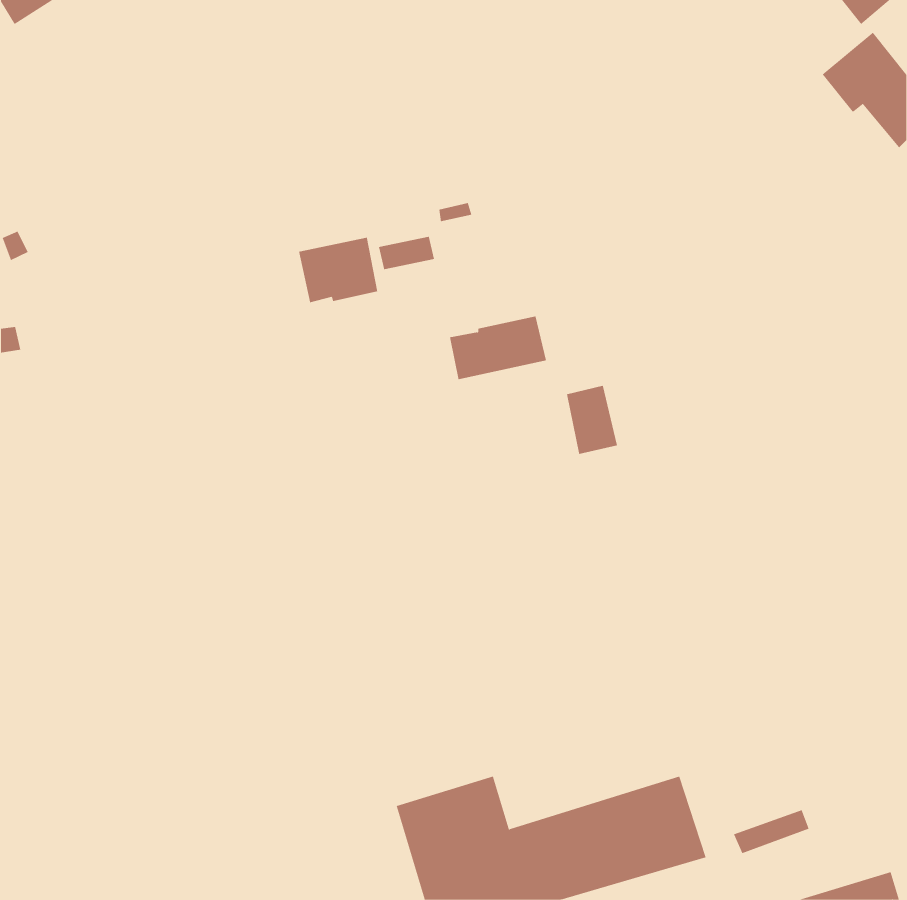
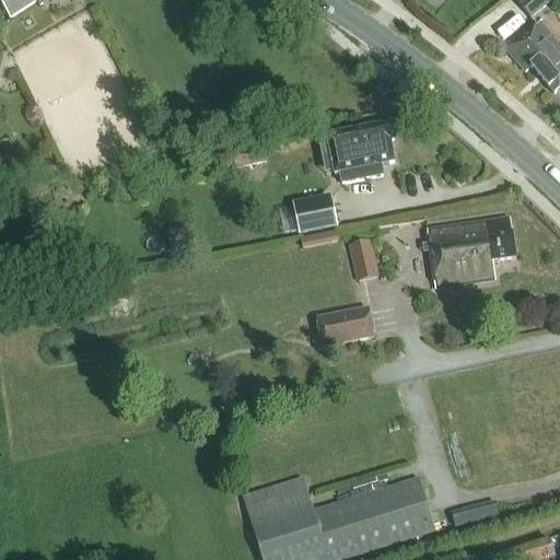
building: none -> [315,121,395,183]
building: [299,237,378,303] -> none
building: none -> [428,217,516,287]
building: none -> [316,305,374,345]

